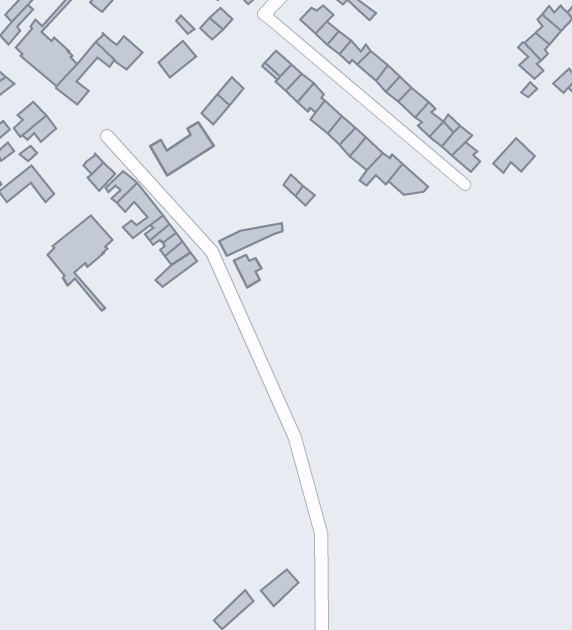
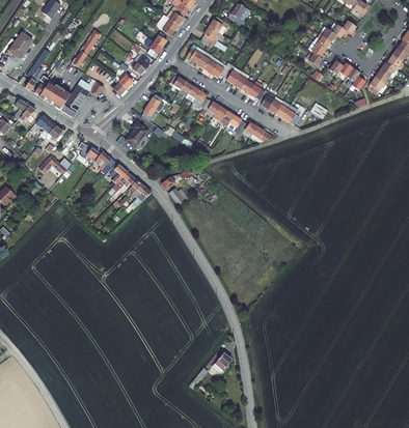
building: [47,215,112,311] -> none

